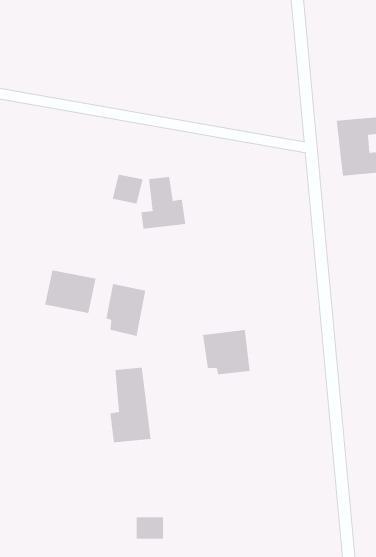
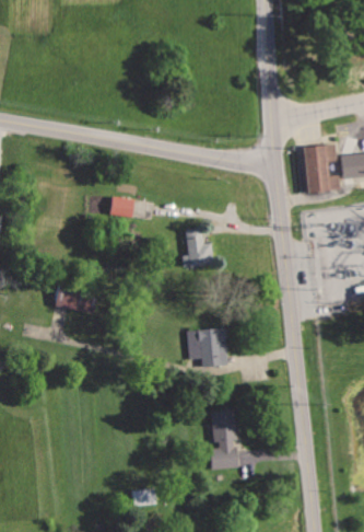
building: [140,176,186,230] -> [179,223,219,269]
building: [105,283,146,337] -> none
building: [109,367,151,443] -> [208,407,244,473]

